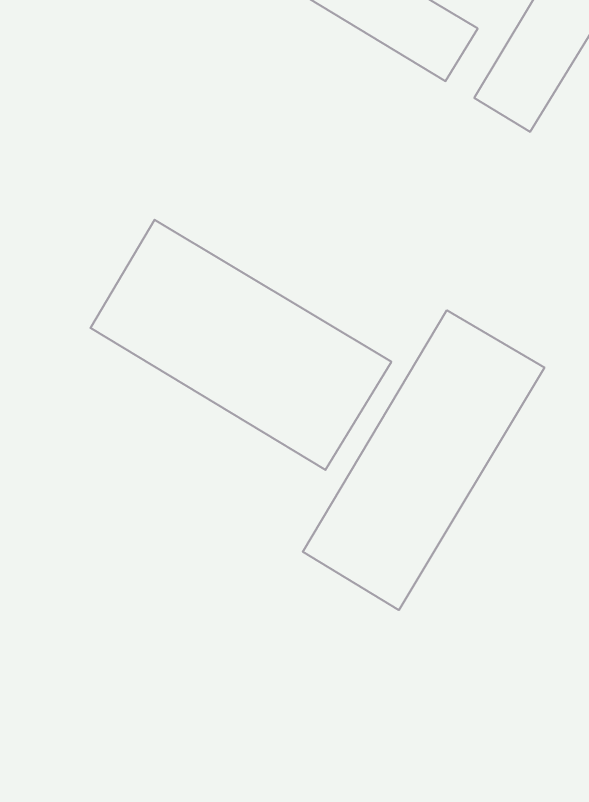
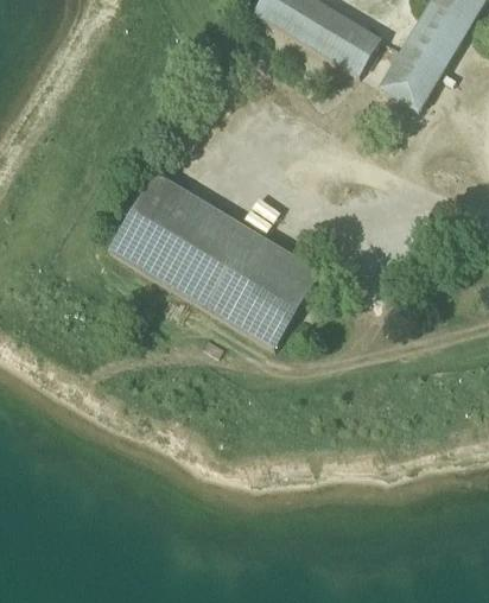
building: [303,310,544,610] -> none

